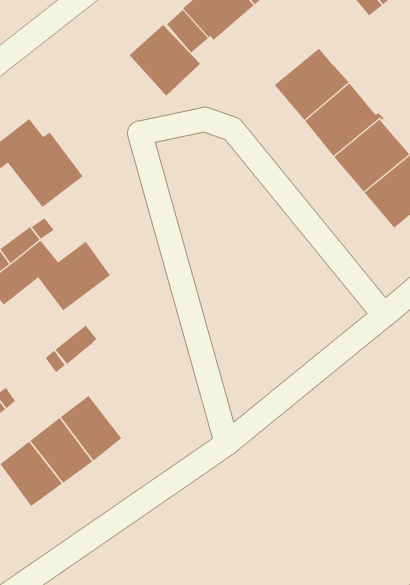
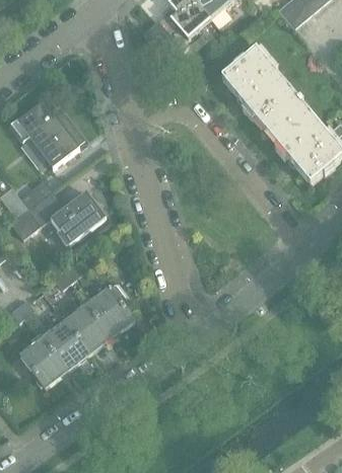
building: [129,24,201,97] -> none
building: none -> [87,282,135,335]

